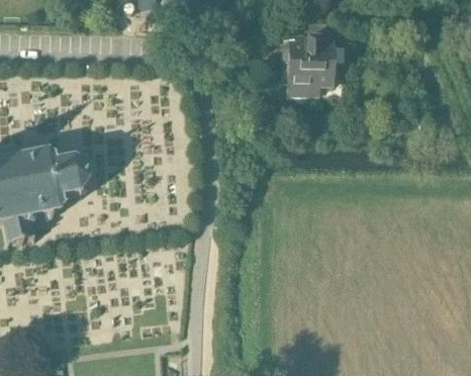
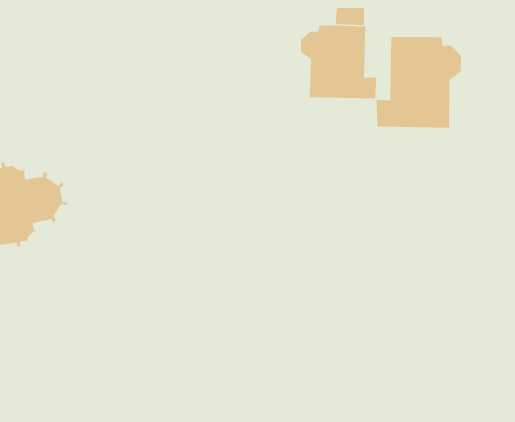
building: none -> [376,36,462,128]

